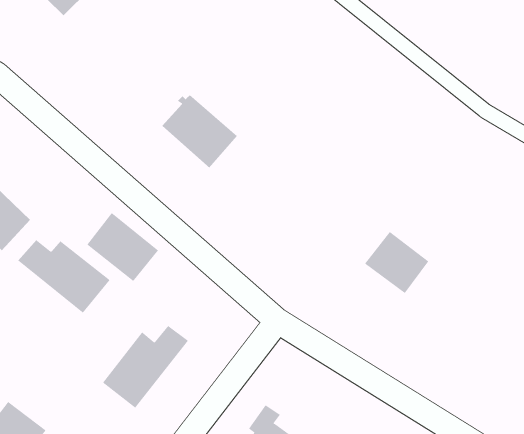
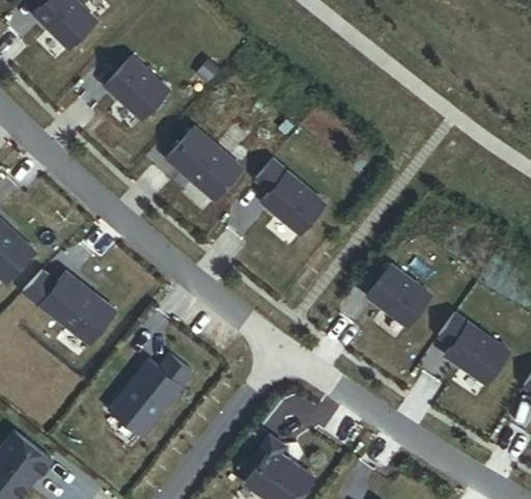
building: none -> [107,55,170,118]
building: none -> [255,160,325,234]
building: [87,212,159,282] -> none
building: none -> [438,313,507,383]

